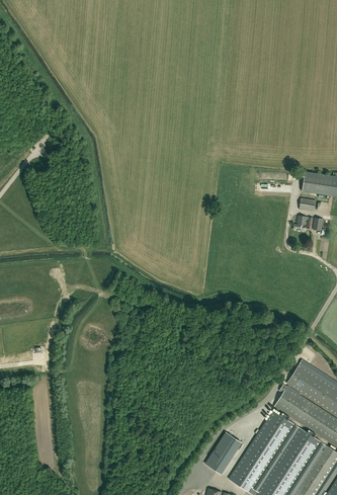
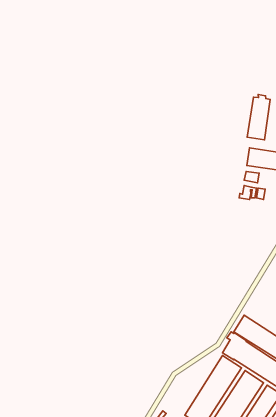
building: none -> [247,95,270,140]
building: [205,432,242,474] -> none

